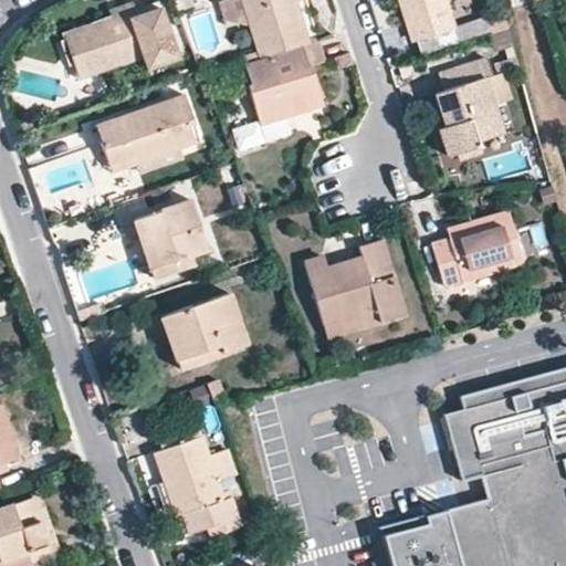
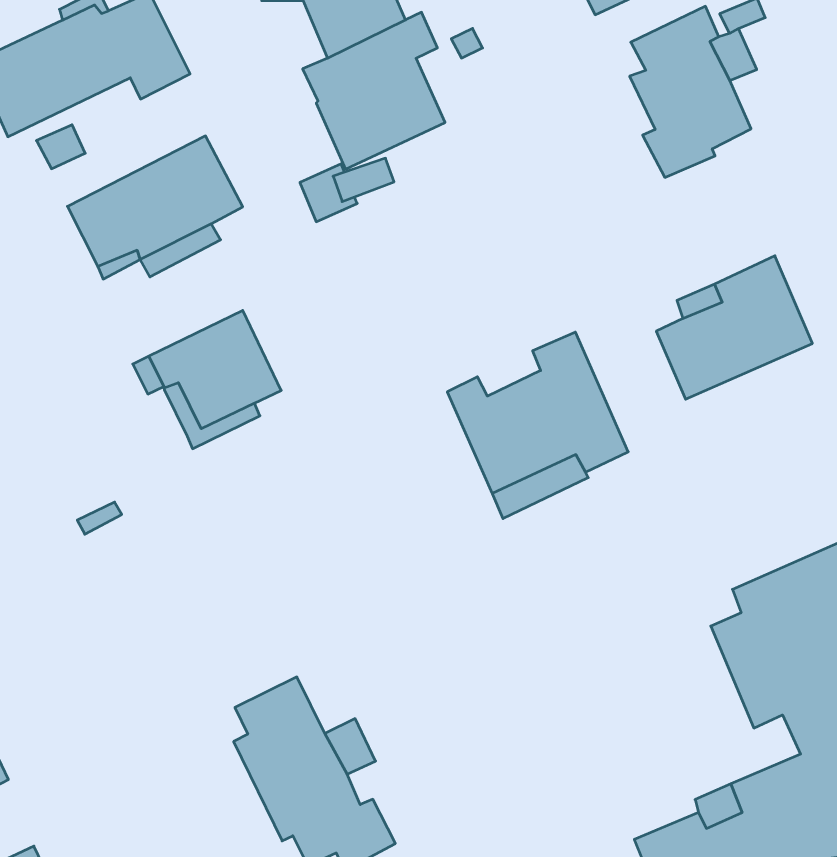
building: [161,293,244,368] -> none

